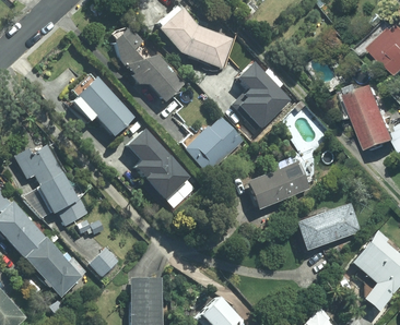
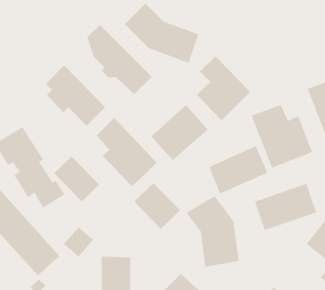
building: none -> [251,104,313,168]
building: none -> [53,156,100,203]
building: none -> [134,182,181,230]
building: none -> [186,195,239,267]

